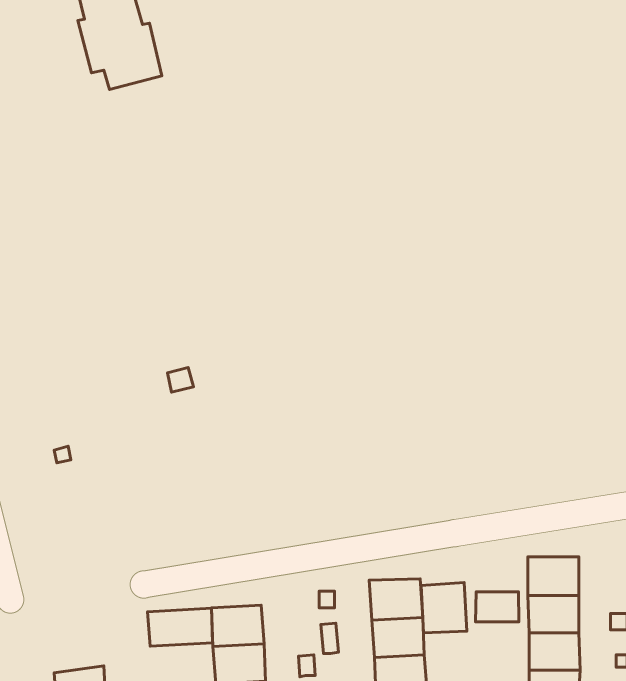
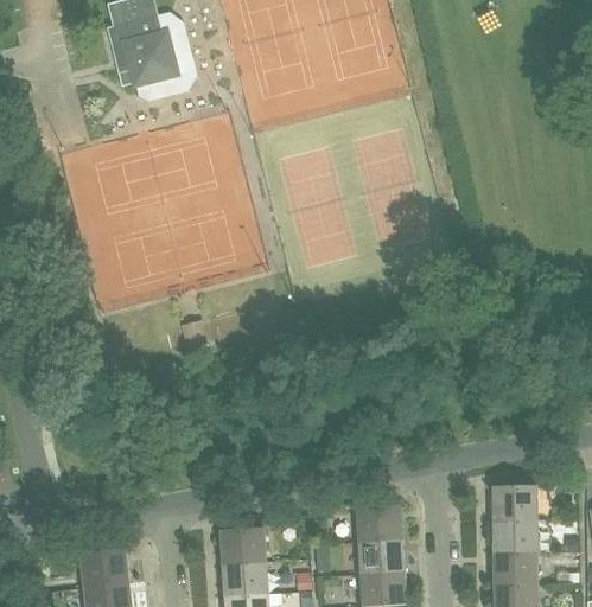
building: [421,583,467,633] -> none
building: [476,592,519,622] -> none
building: [147,608,213,646] -> none
building: none -> [82,550,128,588]

